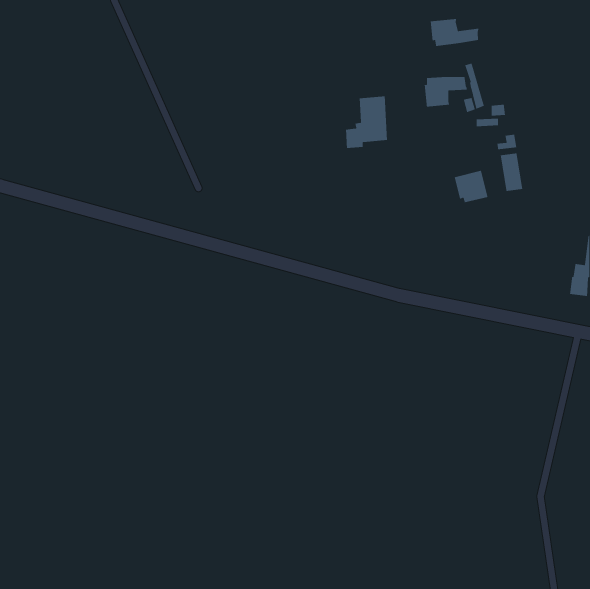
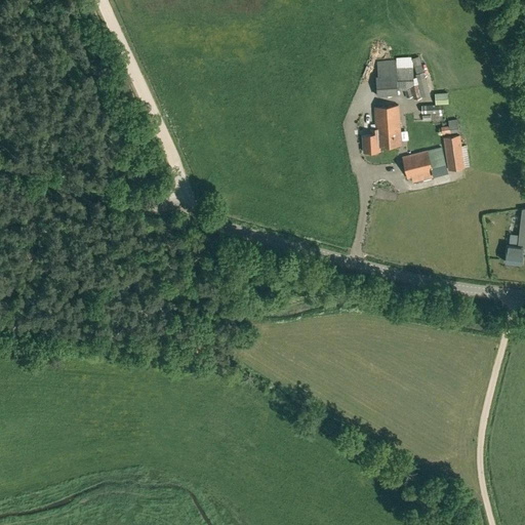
building: [430,18,479,47] -> none
building: [345,96,388,149] -> [363,106,401,153]

